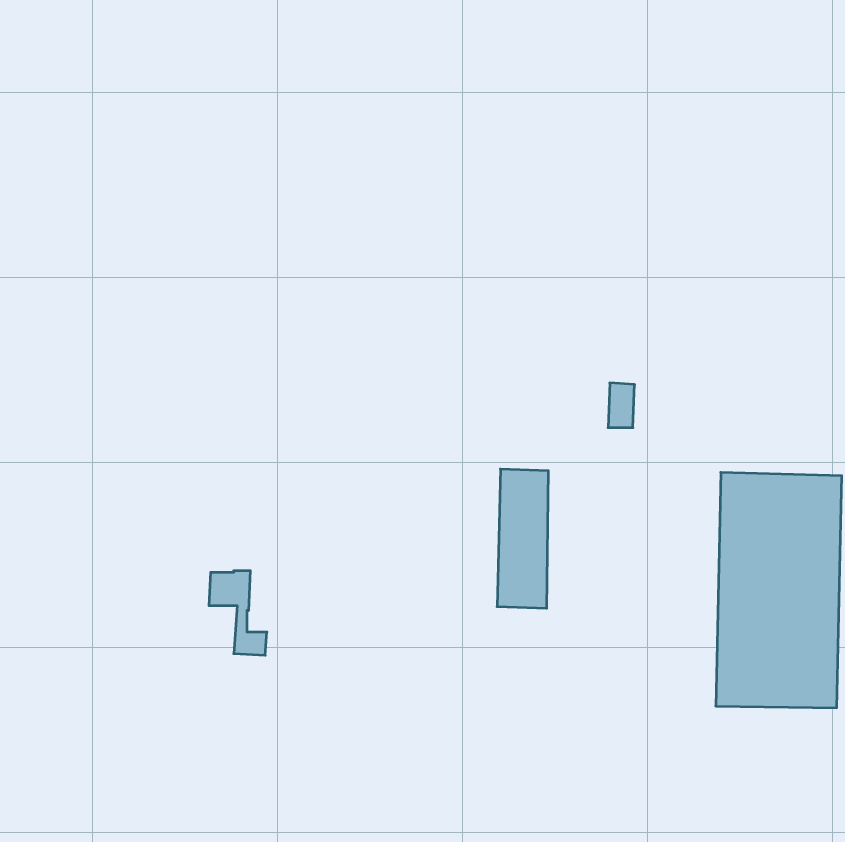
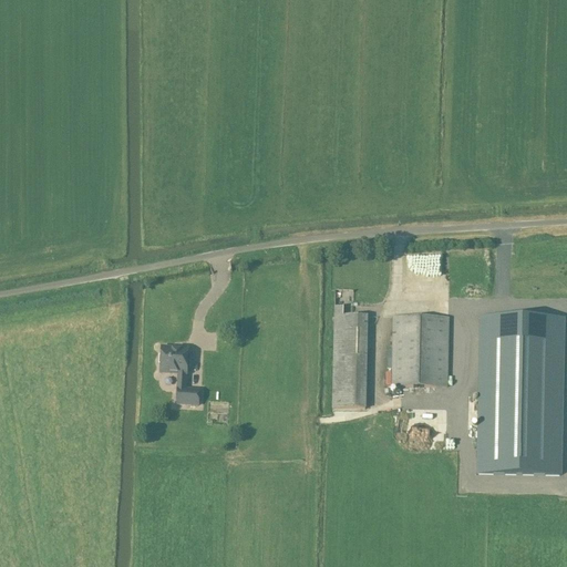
building: none -> [392,315,450,385]
building: [209,571,267,655] -> [162,346,200,402]

